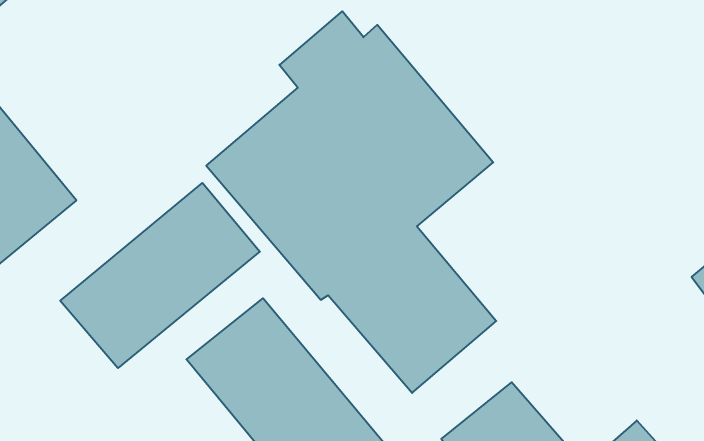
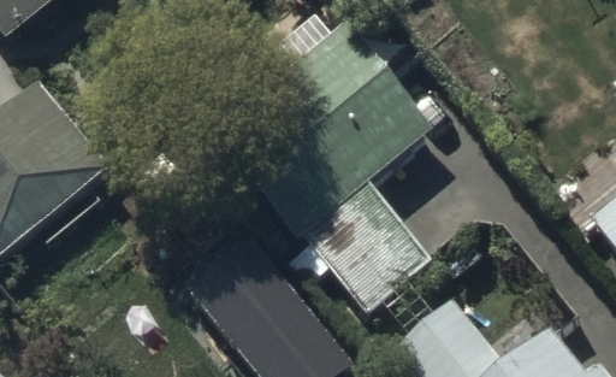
building: [60,183,260,368] -> none

